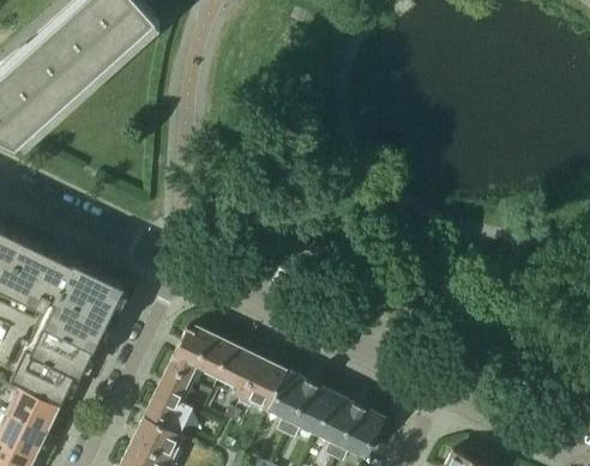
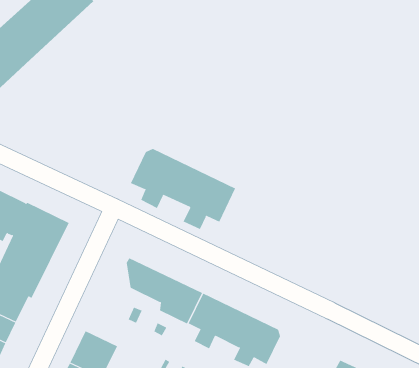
building: none -> [130,148,236,230]
building: [146,331,197,429] -> none

